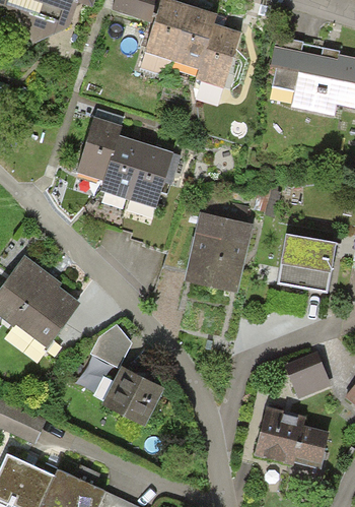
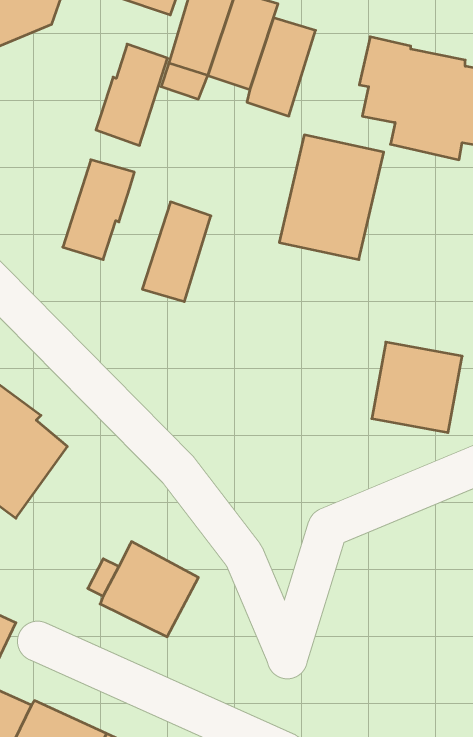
building: [99,134,146,200] -> [96,44,168,145]
building: [185,212,253,294] -> [279,135,384,260]
building: [89,324,131,367] -> none
building: [289,363,331,397] -> none
building: [254,406,327,464] -> none

